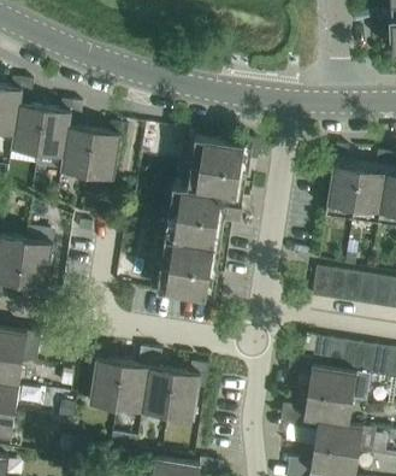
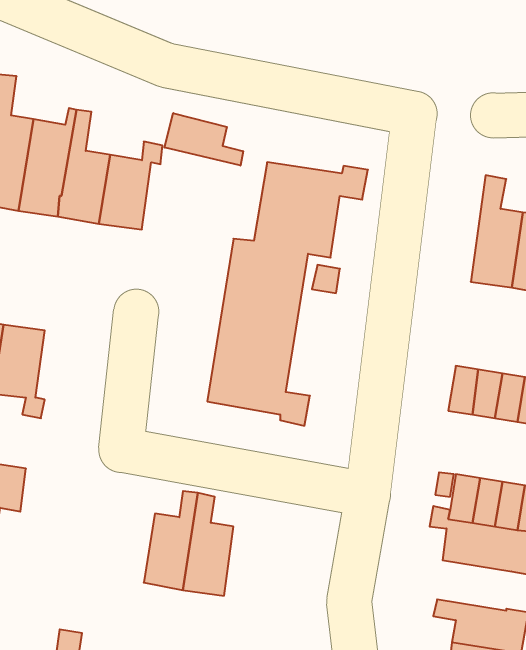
building: none -> [164,113,243,166]
building: [88,347,122,407] -> none
building: [166,364,207,419] -> none
building: [290,393,351,429] -> none

